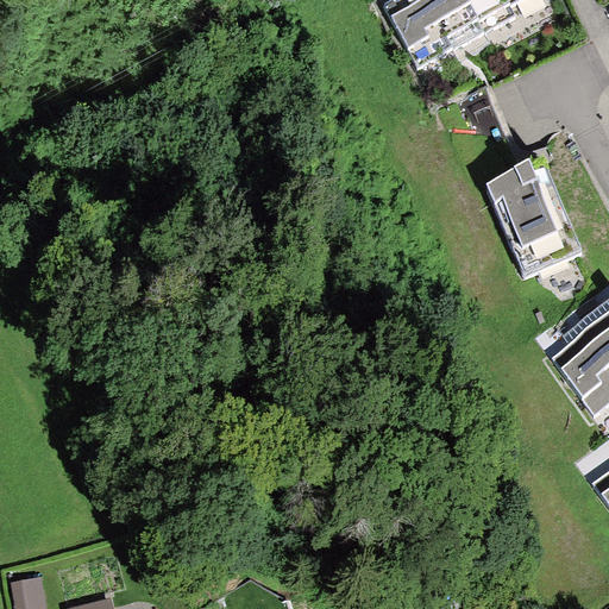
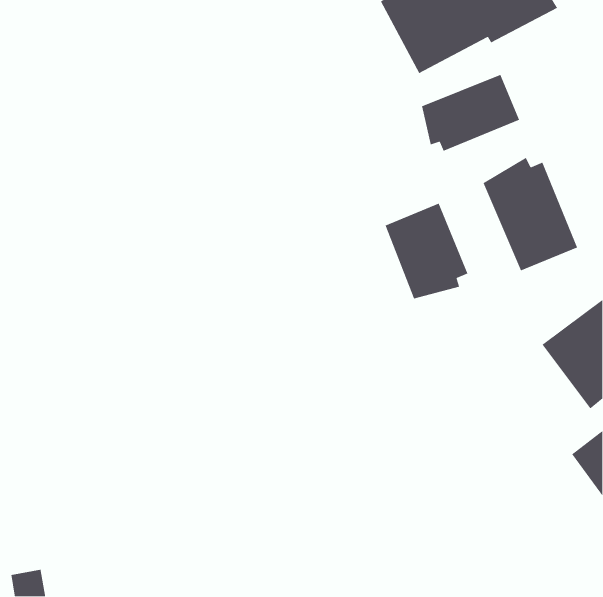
building: none -> [421,74,520,152]
building: none -> [384,203,468,299]

